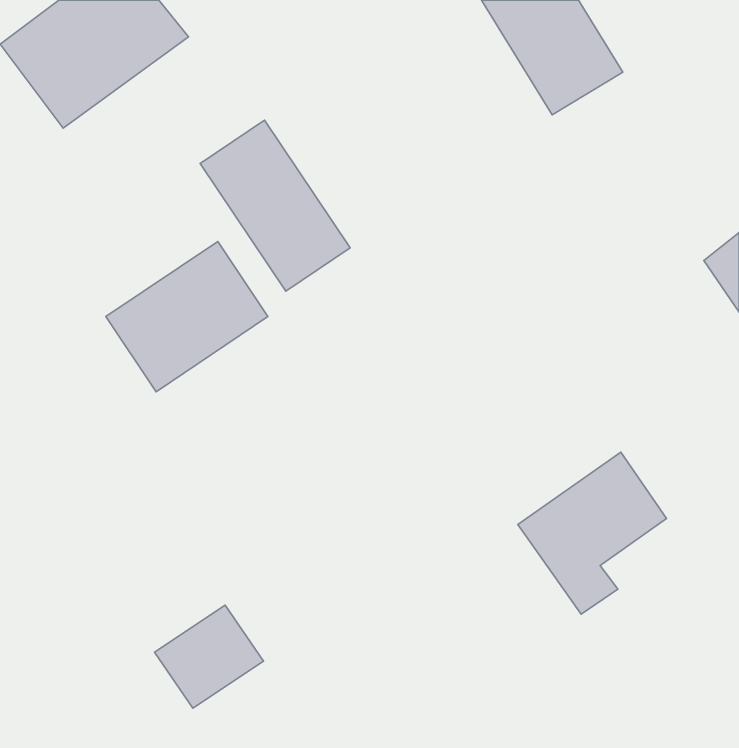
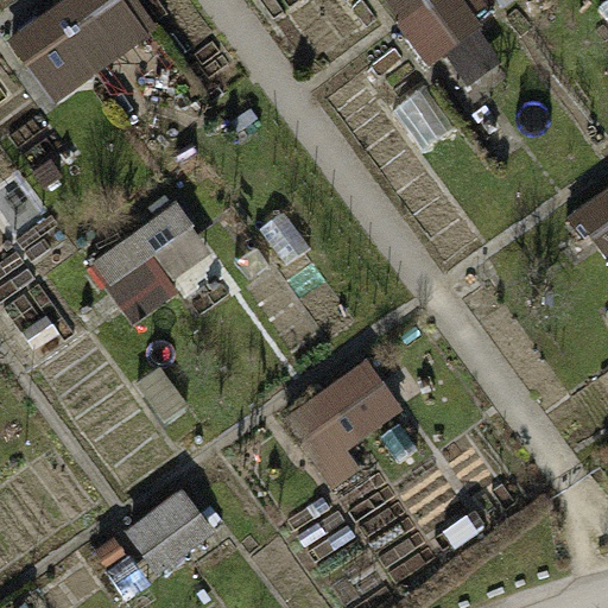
building: [200,120,350,291] -> none
building: [518,452,667,614] -> [283,357,403,488]

